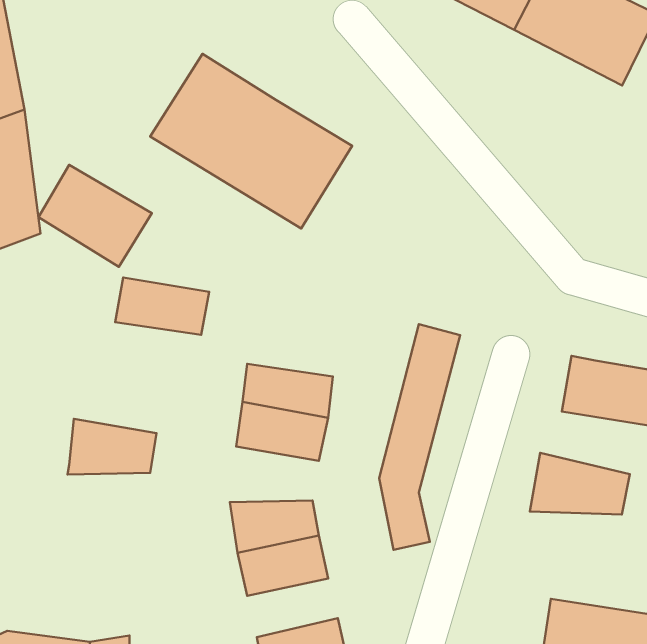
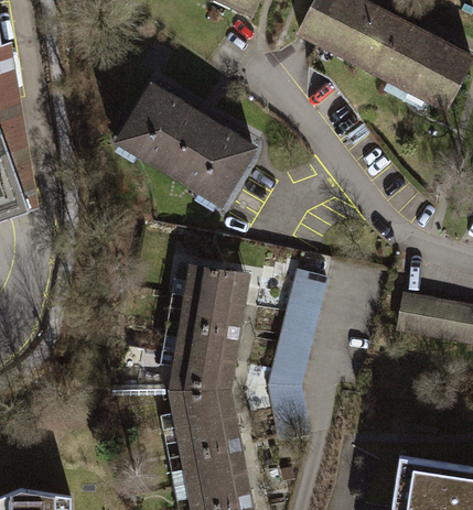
building: [38,165,152,267] -> none
building: [115,278,209,335] -> [180,268,245,307]
building: [68,419,157,474] -> [168,356,229,394]
building: [530,453,630,514] -> none
building: none -> [180,447,243,488]

